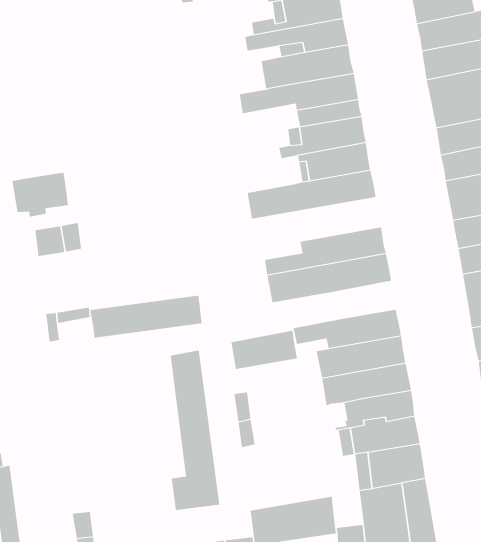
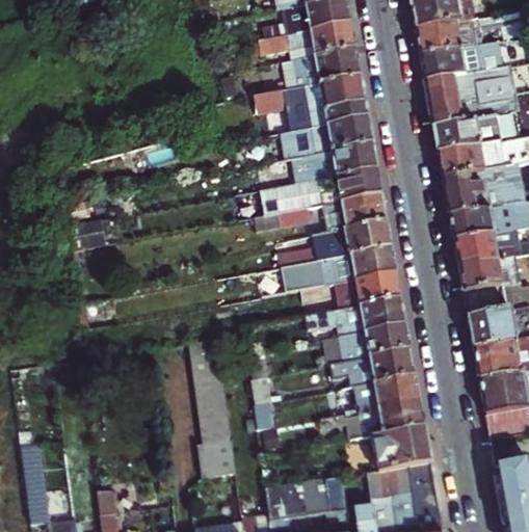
building: [12,172,69,218] -> none
building: none -> [254,193,388,235]
building: [90,295,202,338] -> none
building: [231,330,298,370] -> [338,272,401,310]

